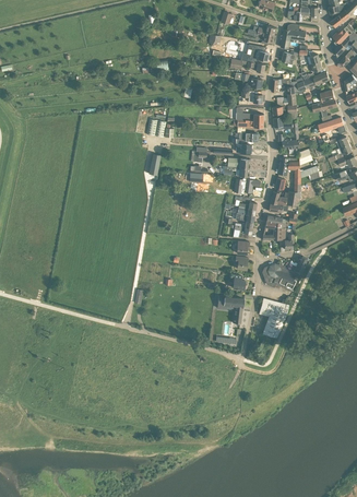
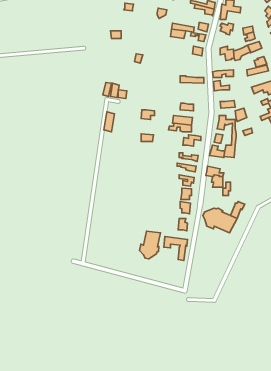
building: none -> [140,231,161,259]
building: [259,298,288,338] -> none

